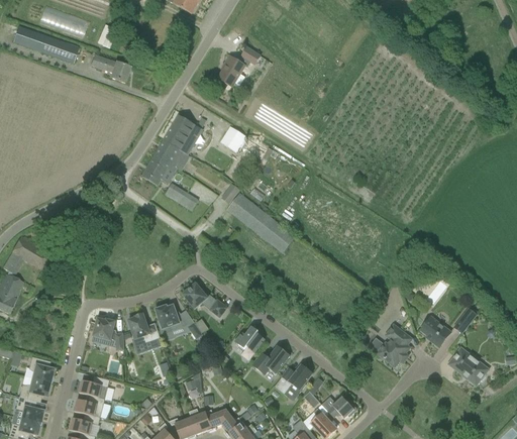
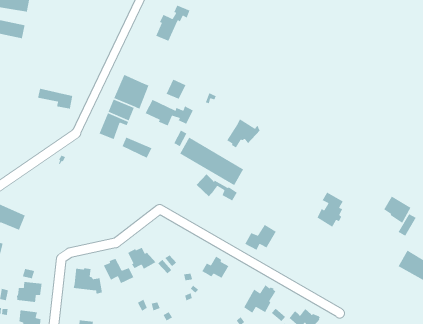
building: [91,54,130,83] -> [37,88,73,110]
building: none -> [145,99,194,127]
building: none -> [226,118,261,149]
building: [183,283,227,317] -> [196,173,238,201]
building: [420,316,451,348] -> [383,195,412,224]
building: none -> [16,281,42,303]
building: [379,326,411,366] -> [316,191,344,228]
building: [252,346,290,374] -> [244,224,277,251]

